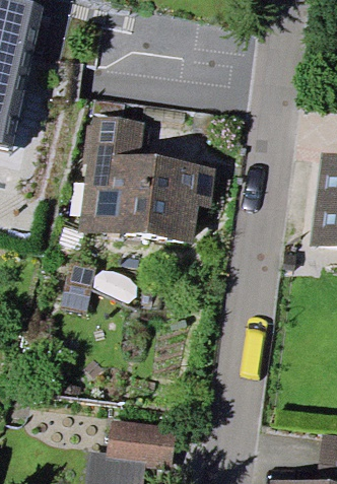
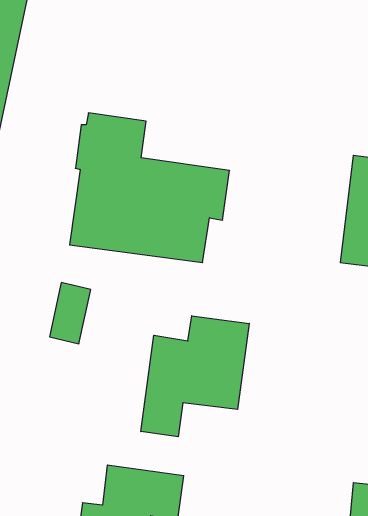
building: none -> [141,316,249,437]

